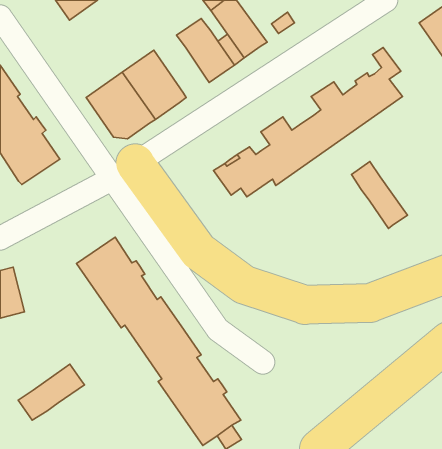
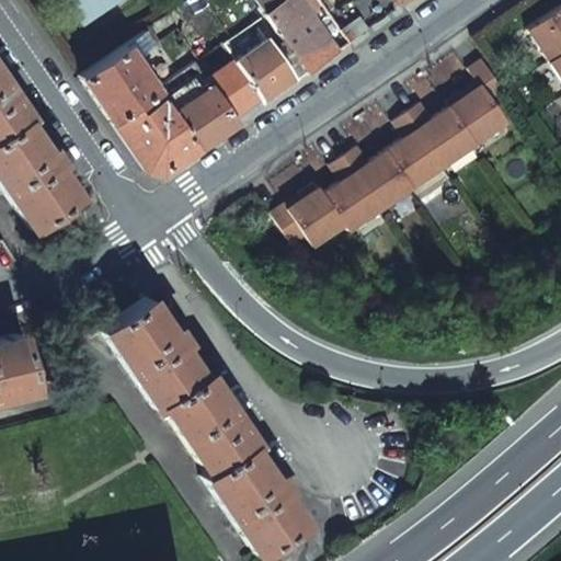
building: none -> [85,44,161,122]
building: none -> [213,60,265,116]
building: [352,161,407,228] -> none
building: [18,364,84,420] -> none

